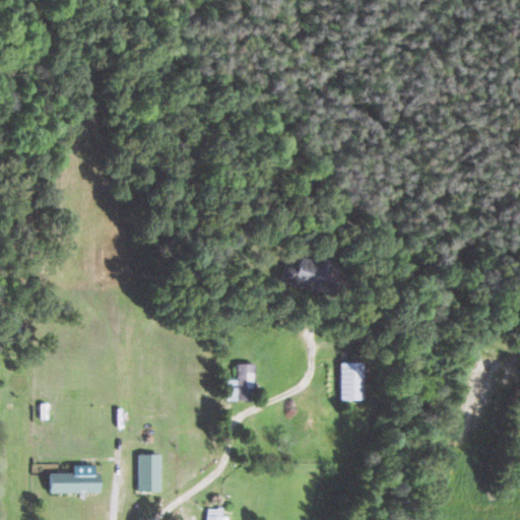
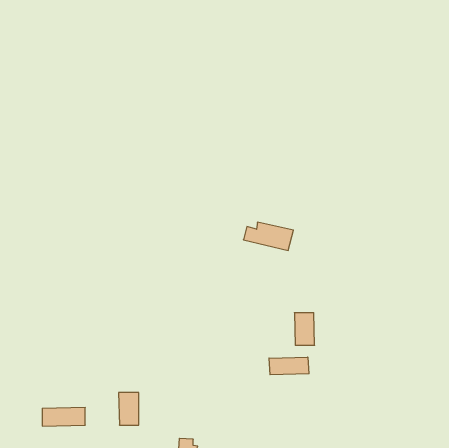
building: [228,364,255,401] -> none
building: none -> [269,357,309,375]

